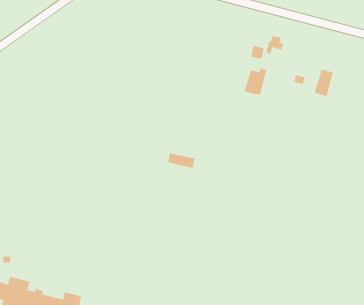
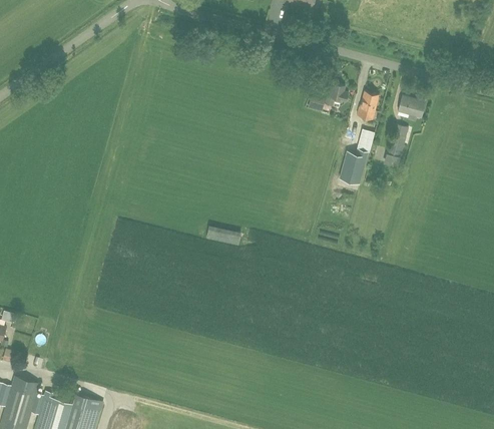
building: none -> [358,90,379,118]
building: none -> [398,95,425,119]
building: [244,68,267,96] -> [340,150,368,184]

